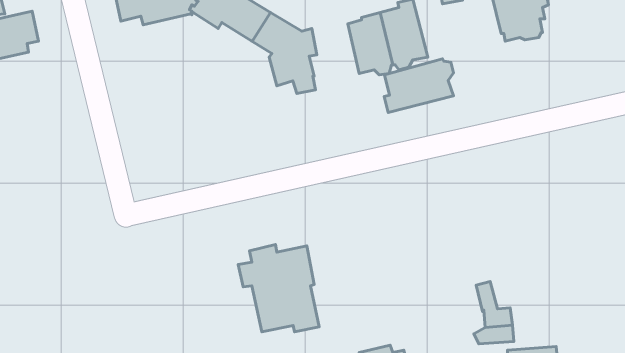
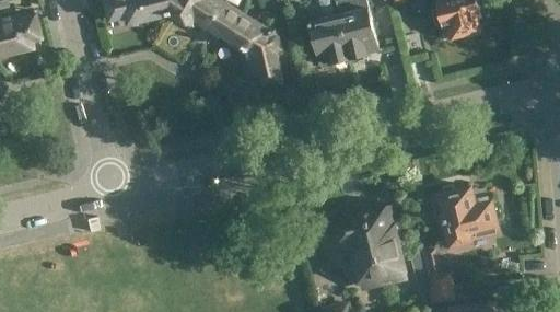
building: [384,59,454,113] -> none
building: none -> [425,186,501,245]
building: [238,245,319,332] -> [331,206,402,282]

